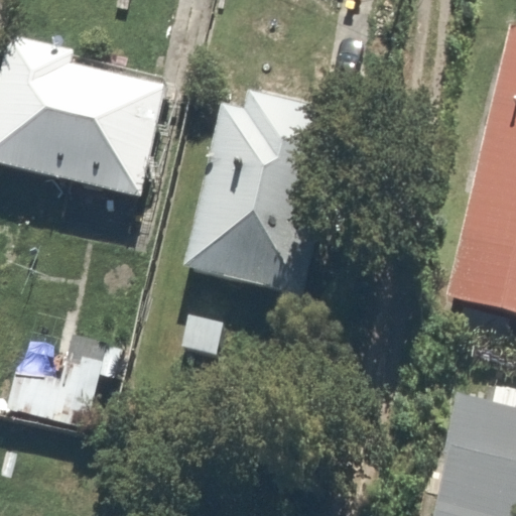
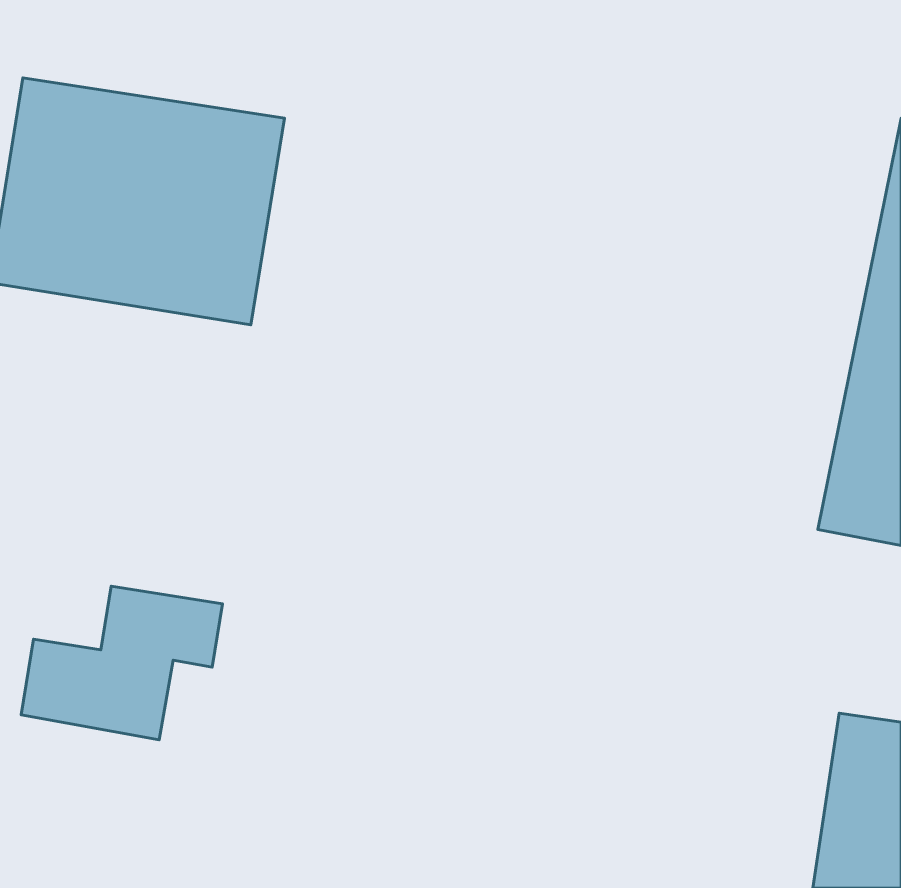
building: [185,112,309,294] -> none

